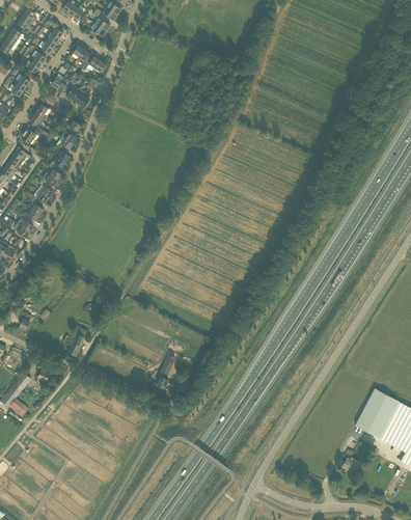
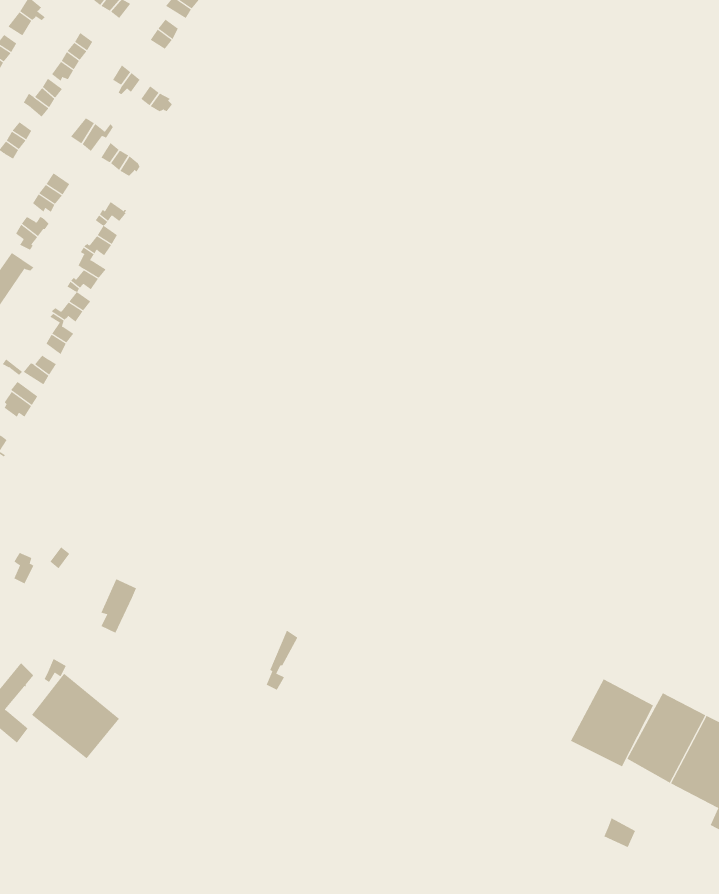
building: none -> [31,673,120,759]
building: none -> [570,678,654,767]

